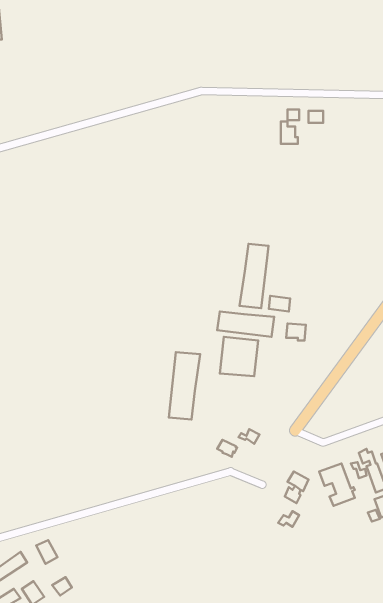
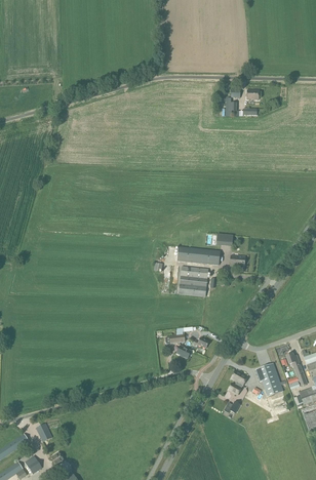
building: [240,244,269,308] -> none
building: [169,352,200,419] -> none

